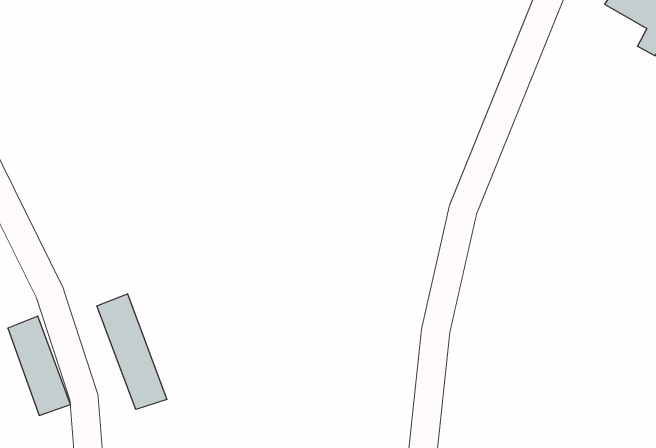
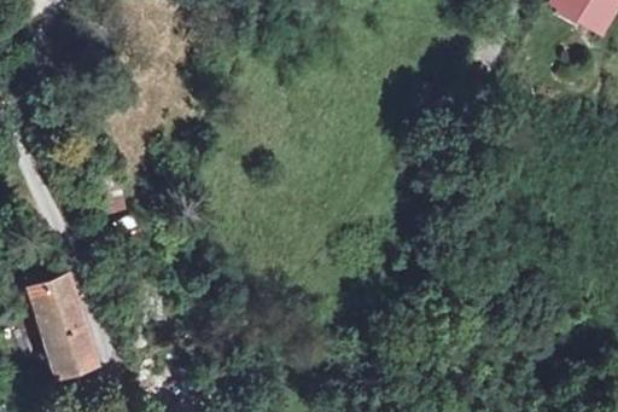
building: [97,294,167,409] -> none

